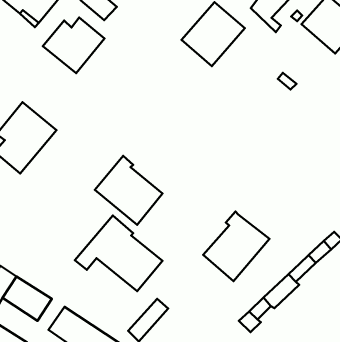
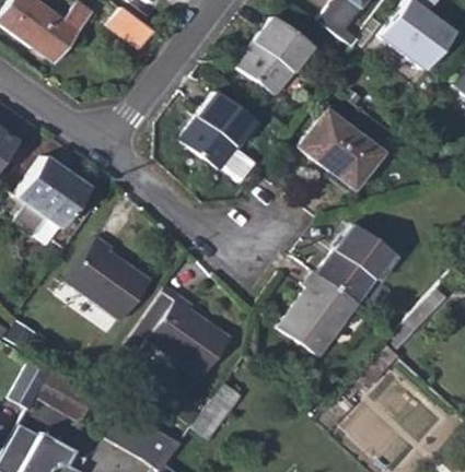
building: [43,17,104,73] -> none
building: none -> [179,92,256,169]
building: none -> [299,109,382,189]
building: [95,156,163,225] -> [68,237,151,320]
building: none -> [319,224,394,302]

